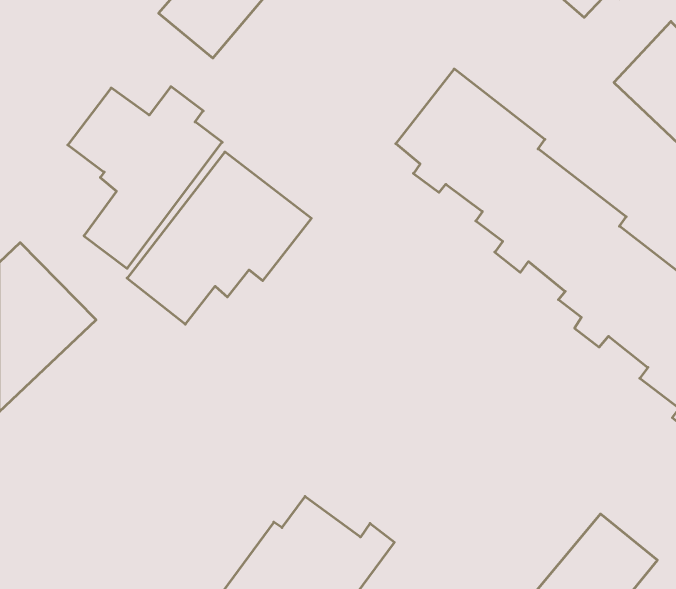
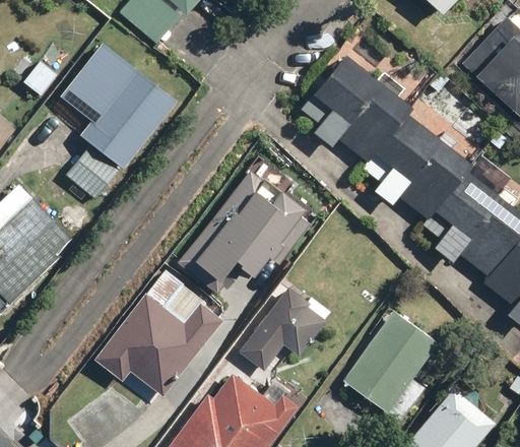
building: [127,152,311,324] -> [176,169,314,298]
building: none -> [93,267,226,397]
building: none -> [240,285,330,370]
building: none -> [342,308,439,412]

